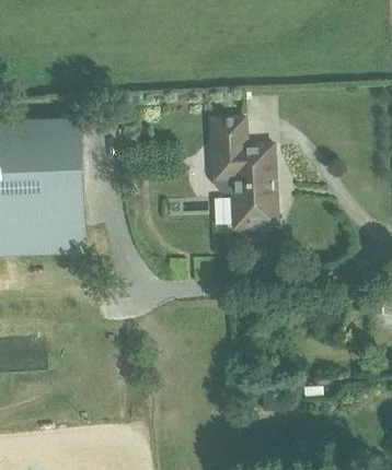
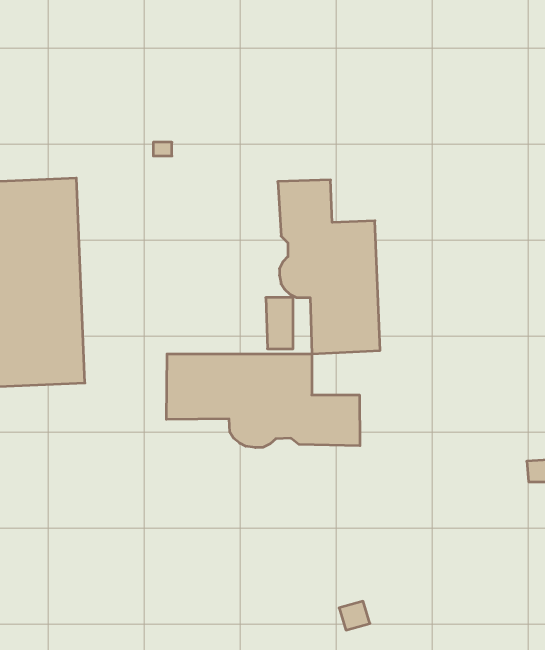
building: none -> [166,354,360,448]

